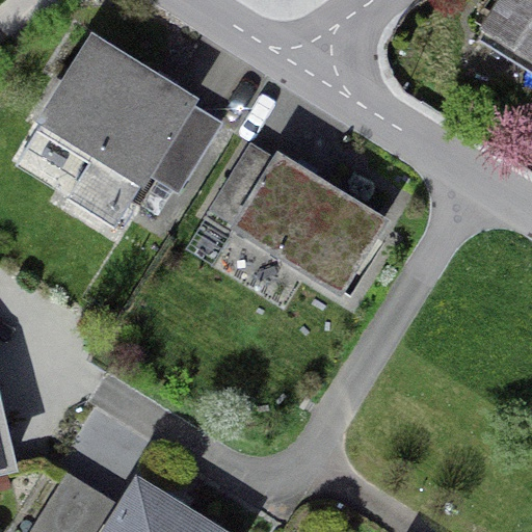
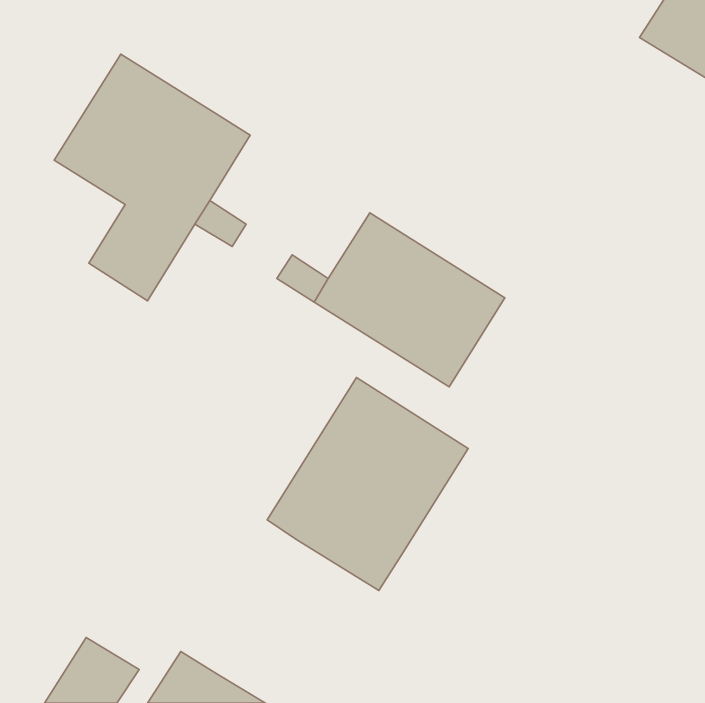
building: none -> [267,378,468,591]

